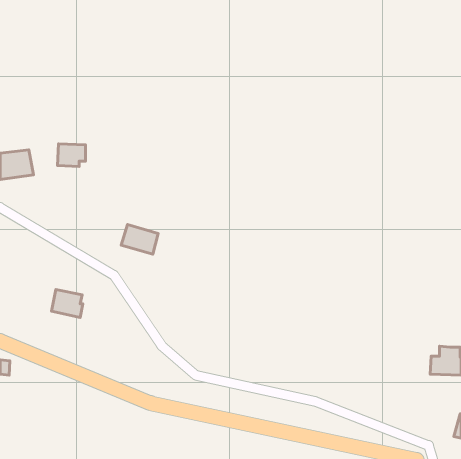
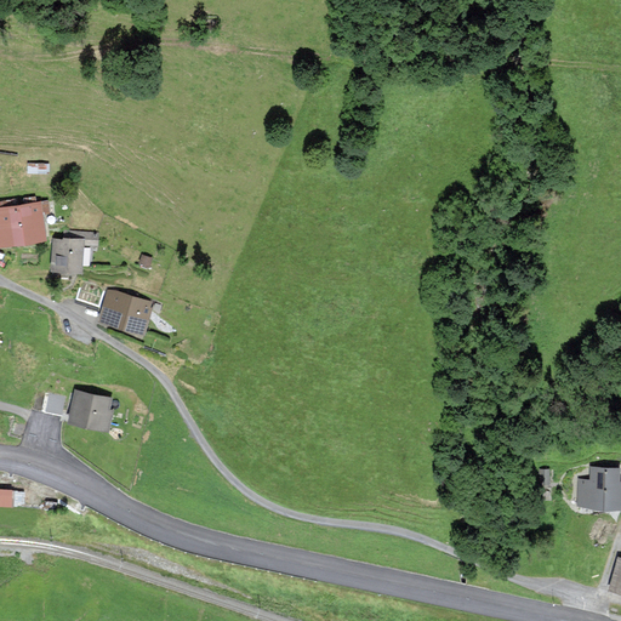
building: [58,144,86,167] -> [52,240,90,270]
building: [121,224,158,254] -> [101,292,150,332]

